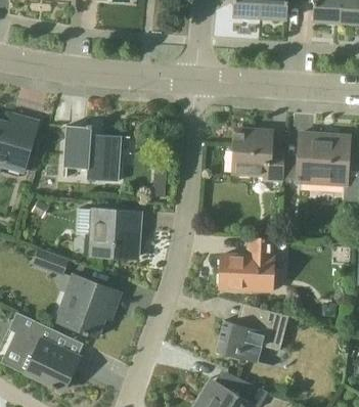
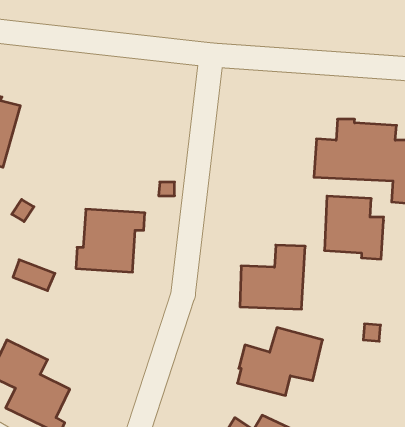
building: [64,126,122,182] -> none
building: [234,129,283,181] -> [324,196,384,259]
building: [53,274,121,336] -> none

